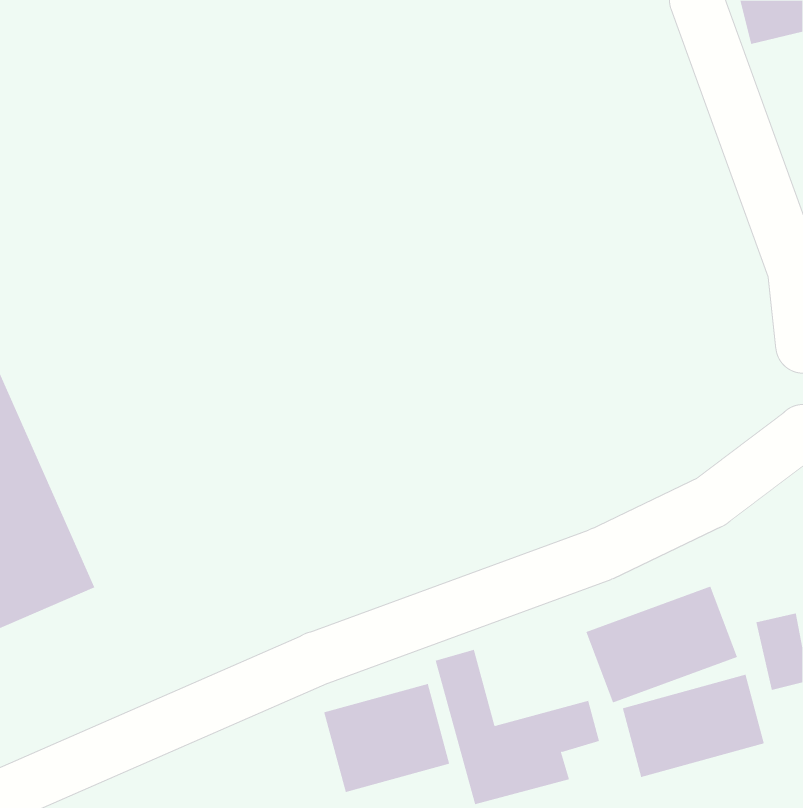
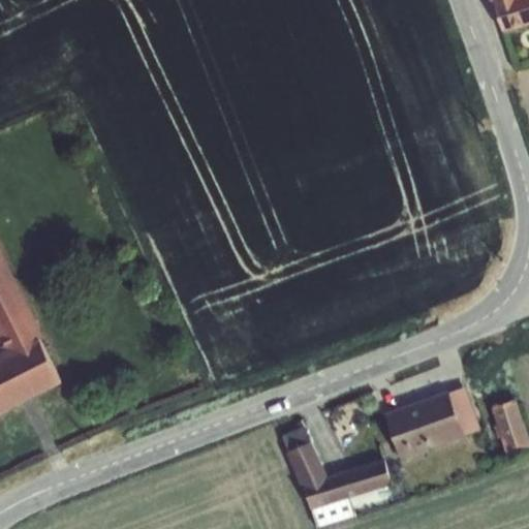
building: [622,674,764,778] -> none
building: [324,683,450,793] -> none

